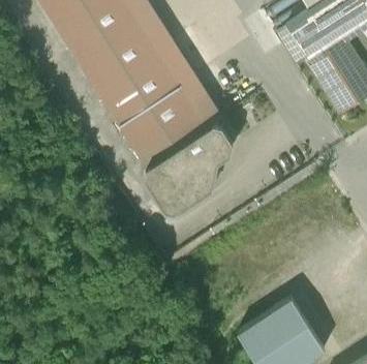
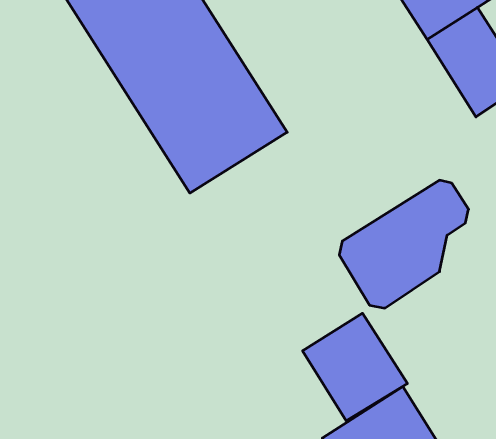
building: [145,125,233,212] -> [339,180,469,308]
building: none -> [303,313,407,421]

